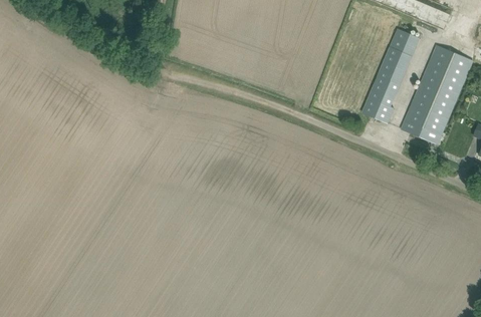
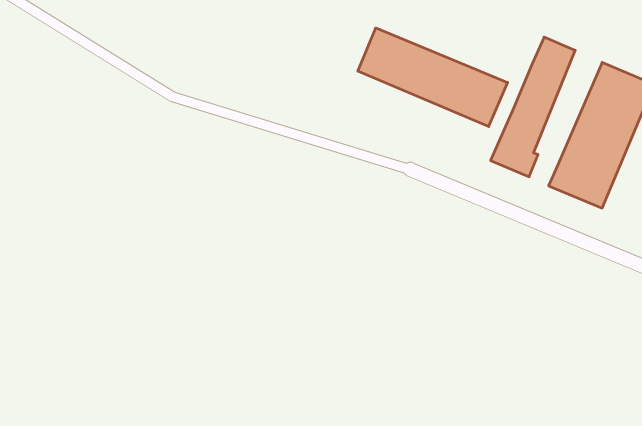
building: none -> [358,28,508,127]

